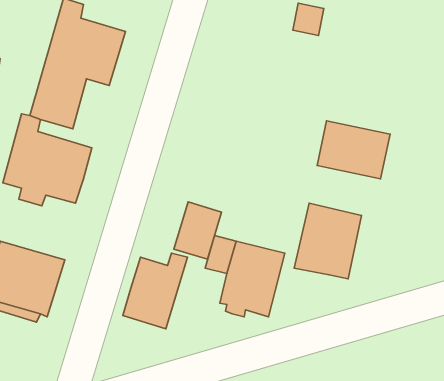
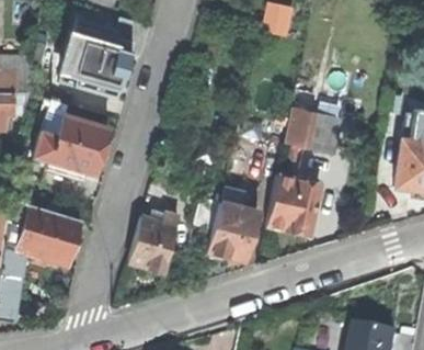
building: [174,202,222,259] -> none

